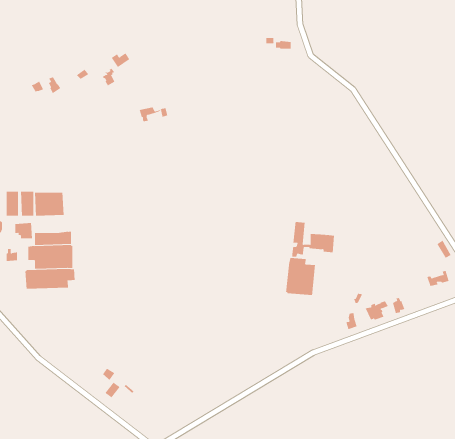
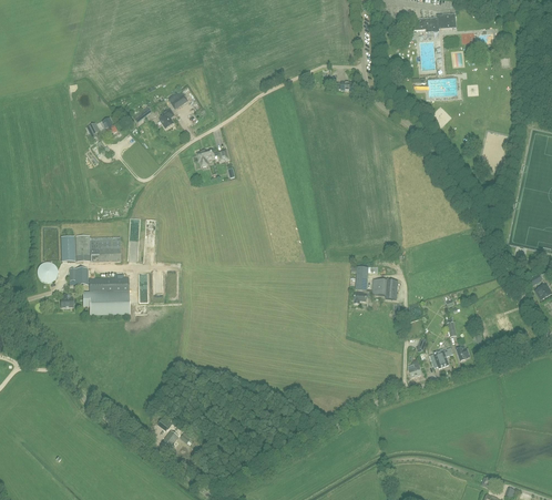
building: [286,257,316,296] -> none
building: [25,268,75,290] -> none

